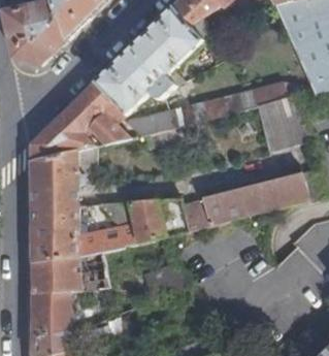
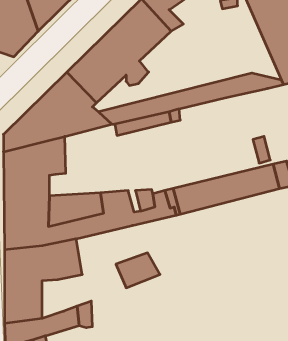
building: [254,98,306,149] -> none

